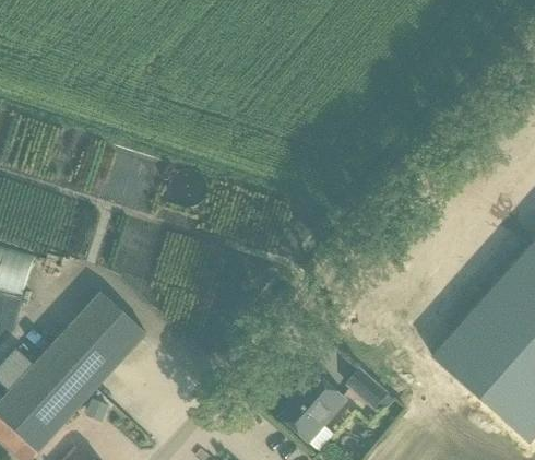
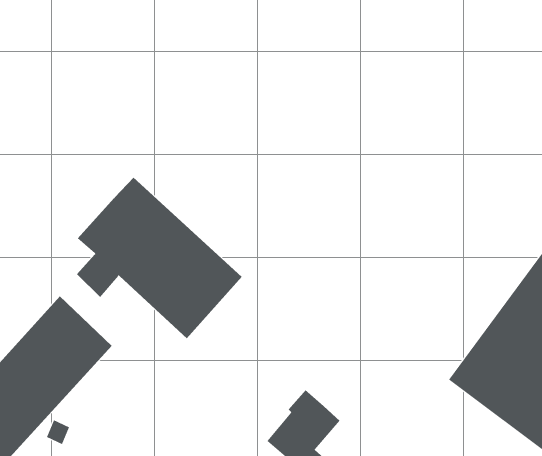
building: none -> [76,177,243,339]
building: [347,370,387,409] -> none

